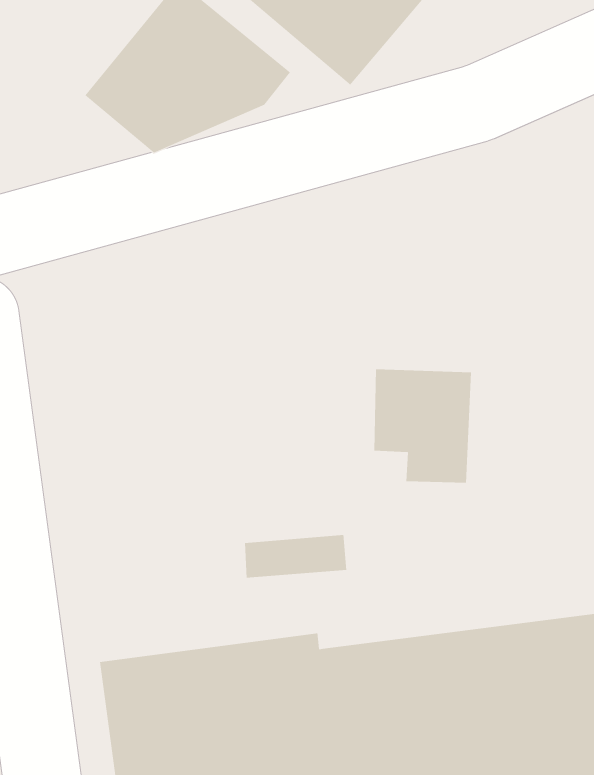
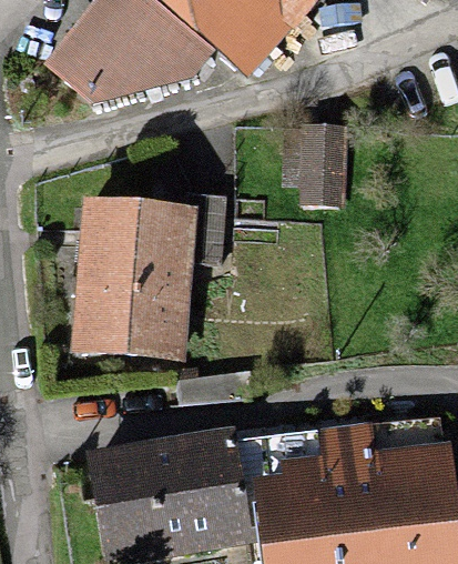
building: none -> [83,192,222,357]
building: [373,369,472,483] -> [279,125,347,204]

